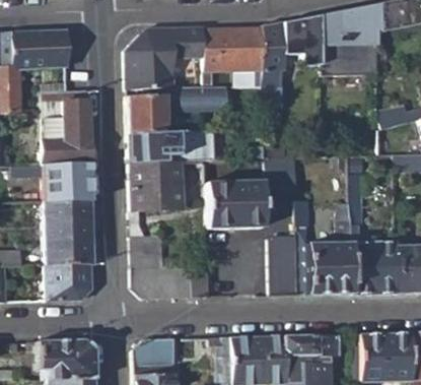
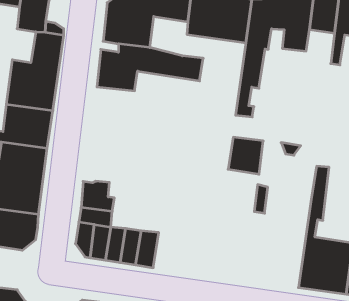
building: [129,130,207,162] -> none
building: [129,162,184,211] -> none
building: [209,183,263,229] -> none
building: [307,207,352,295] -> none
building: [269,237,299,296] -> none

